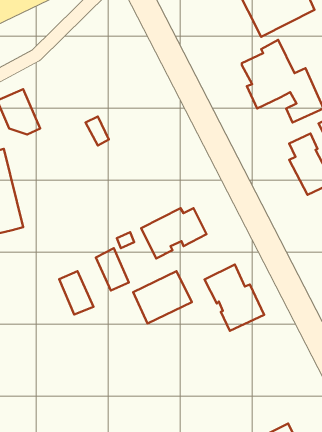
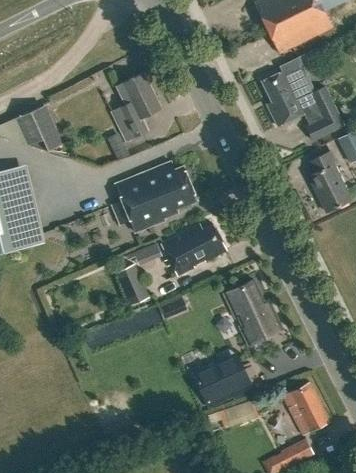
building: none -> [111,73,161,142]
building: none -> [116,162,197,233]
building: [59,271,94,314] -> none
building: [133,271,192,323] -> [193,353,251,405]
building: none -> [283,382,330,435]

